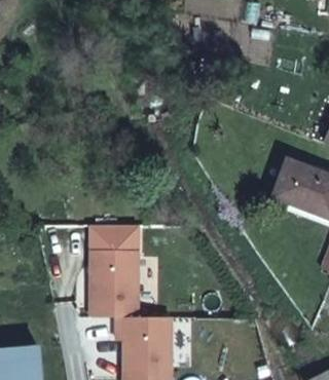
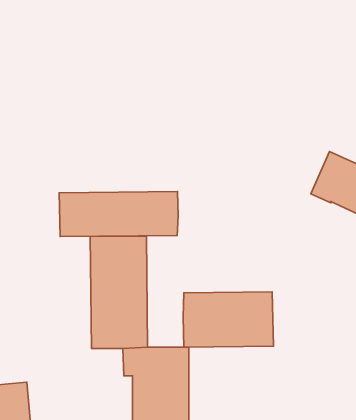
building: none -> [59,191,178,237]
building: none -> [183,292,273,347]

